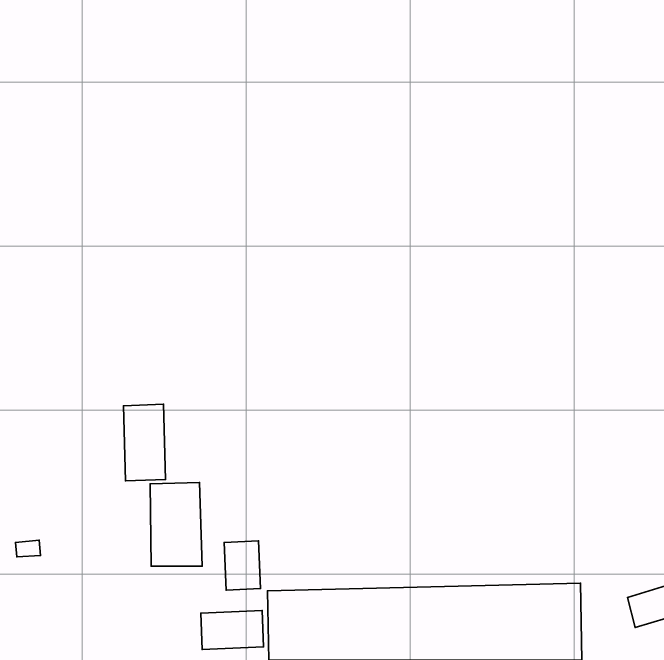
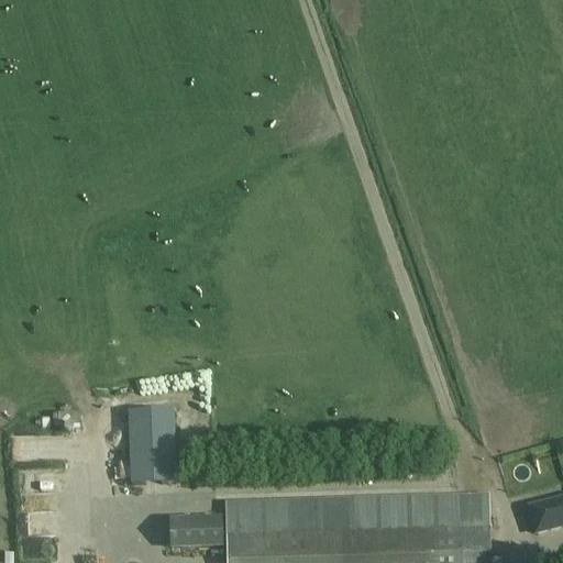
building: [123,404,166,481] -> none
building: [224,541,261,590] -> none

